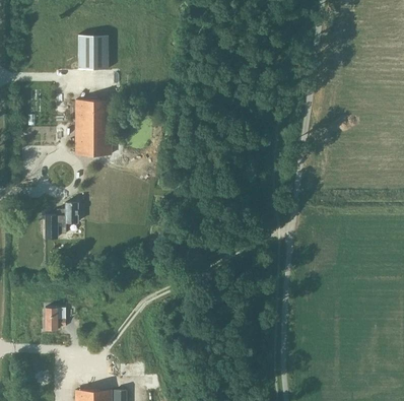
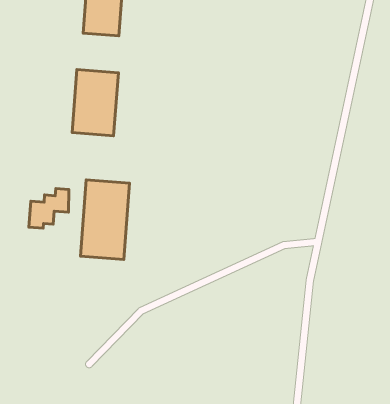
building: none -> [80,180,130,260]
building: [45,308,65,330] -> none

